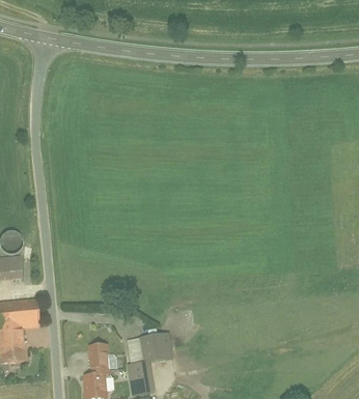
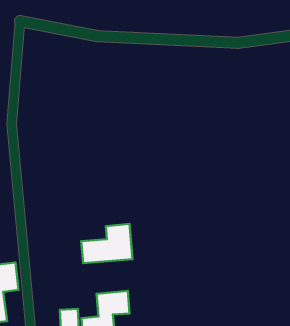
building: none -> [81,224,133,263]

